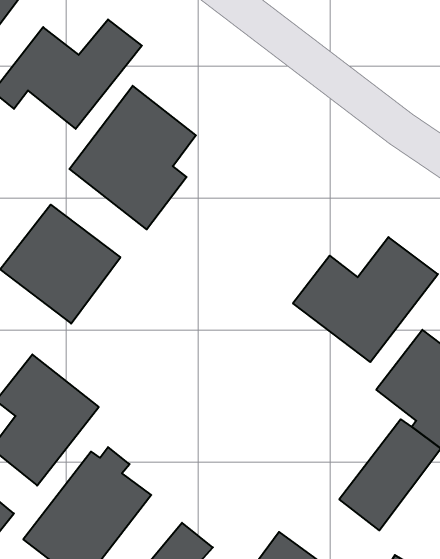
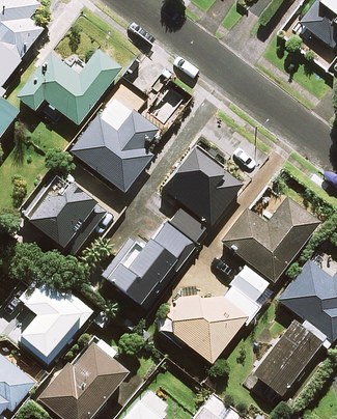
building: none -> [162,146,242,224]
building: none -> [103,208,207,309]
building: none -> [157,267,266,363]

